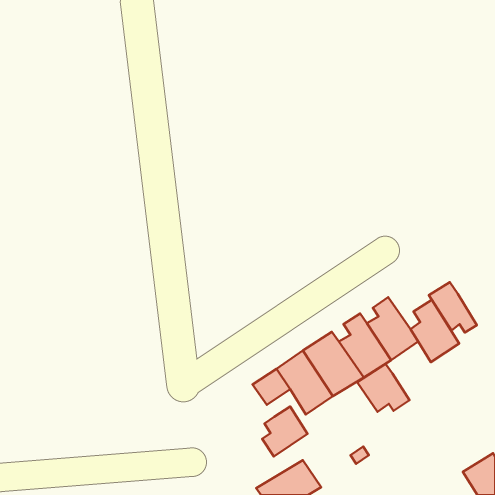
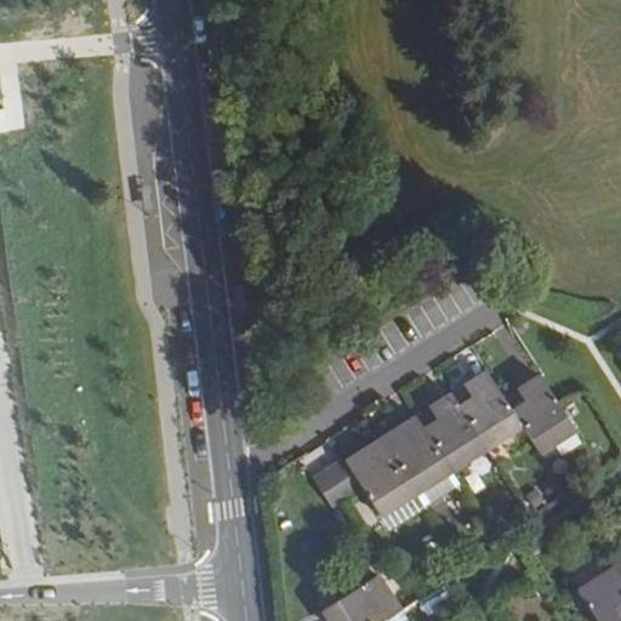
building: [429,282,477,333] -> none
building: [357,364,410,412] -> none
building: [262,406,308,456] -> none

